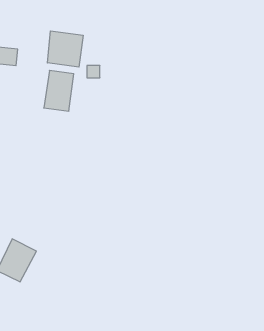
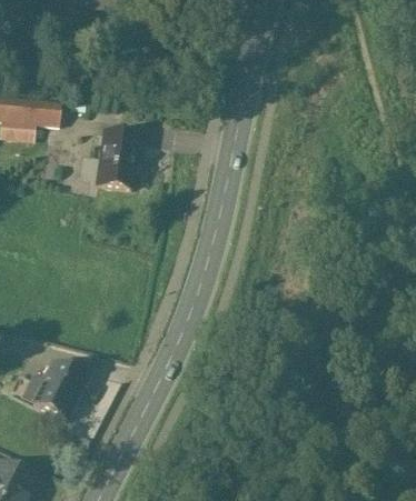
building: [47,31,83,67] -> none

